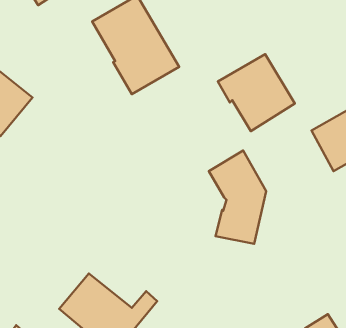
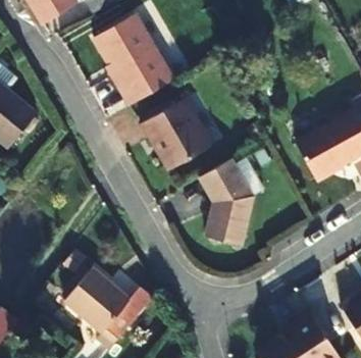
building: [218,54,295,131] -> [141,98,212,169]

